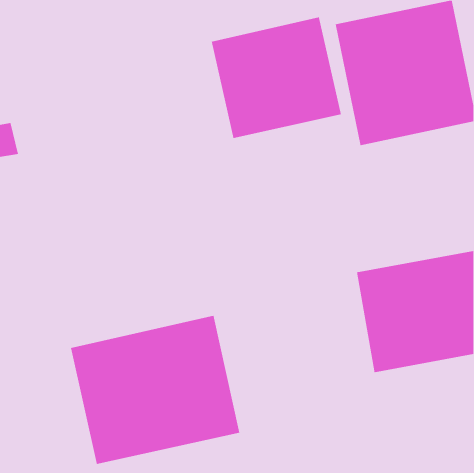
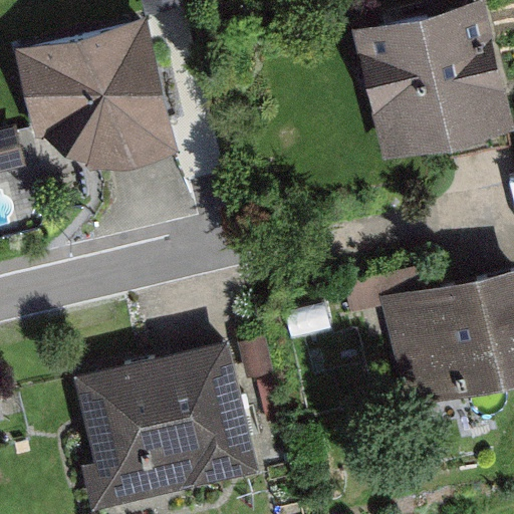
building: none -> [14,20,179,176]
building: [211,16,341,139] -> none

